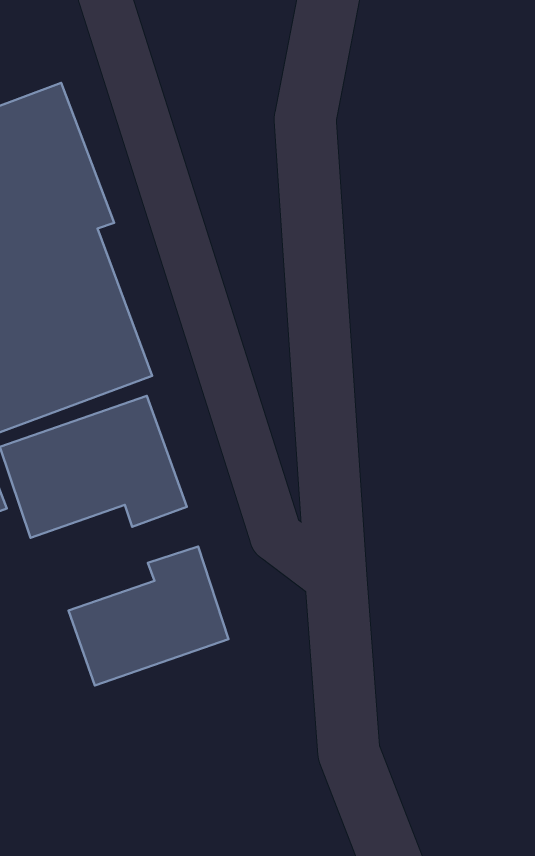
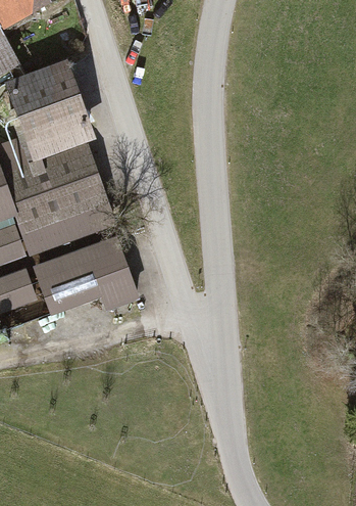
building: [69,547,229,685] -> none

